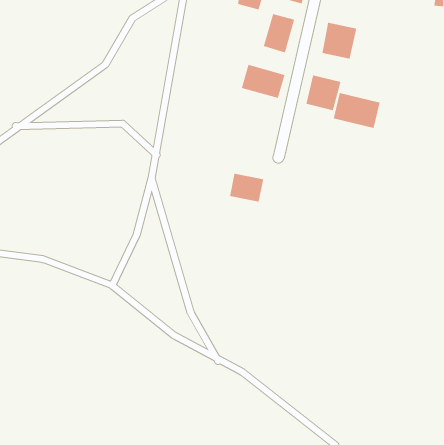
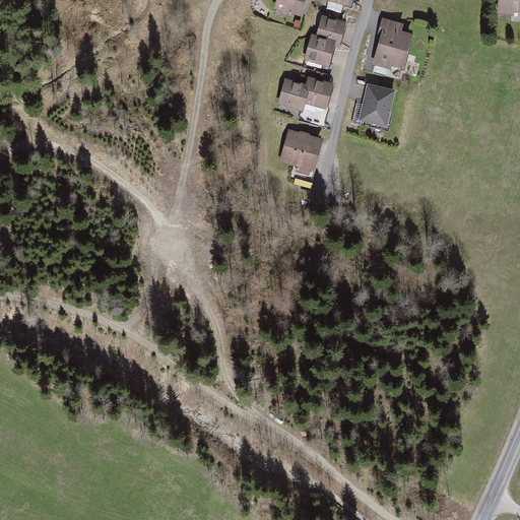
building: [333,92,381,129] -> none
building: [229,173,264,203] -> [281,130,322,165]

